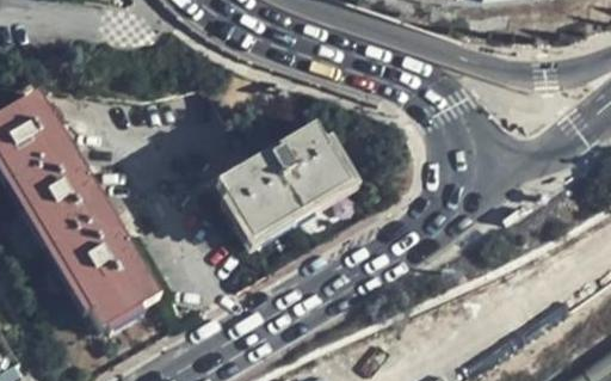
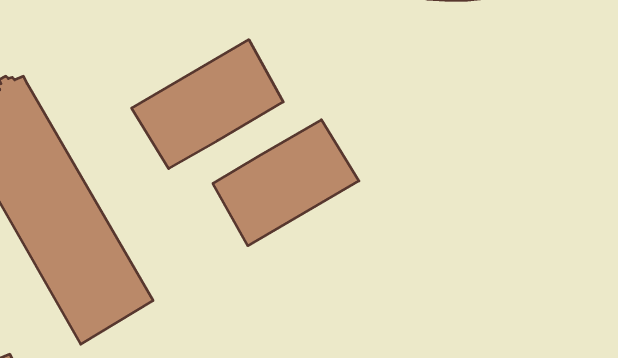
building: none -> [132,40,283,169]

